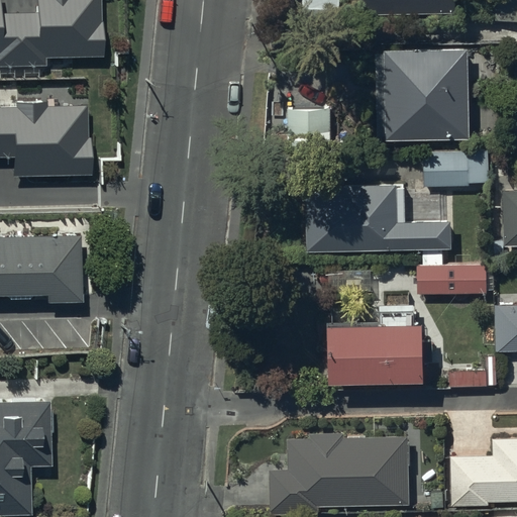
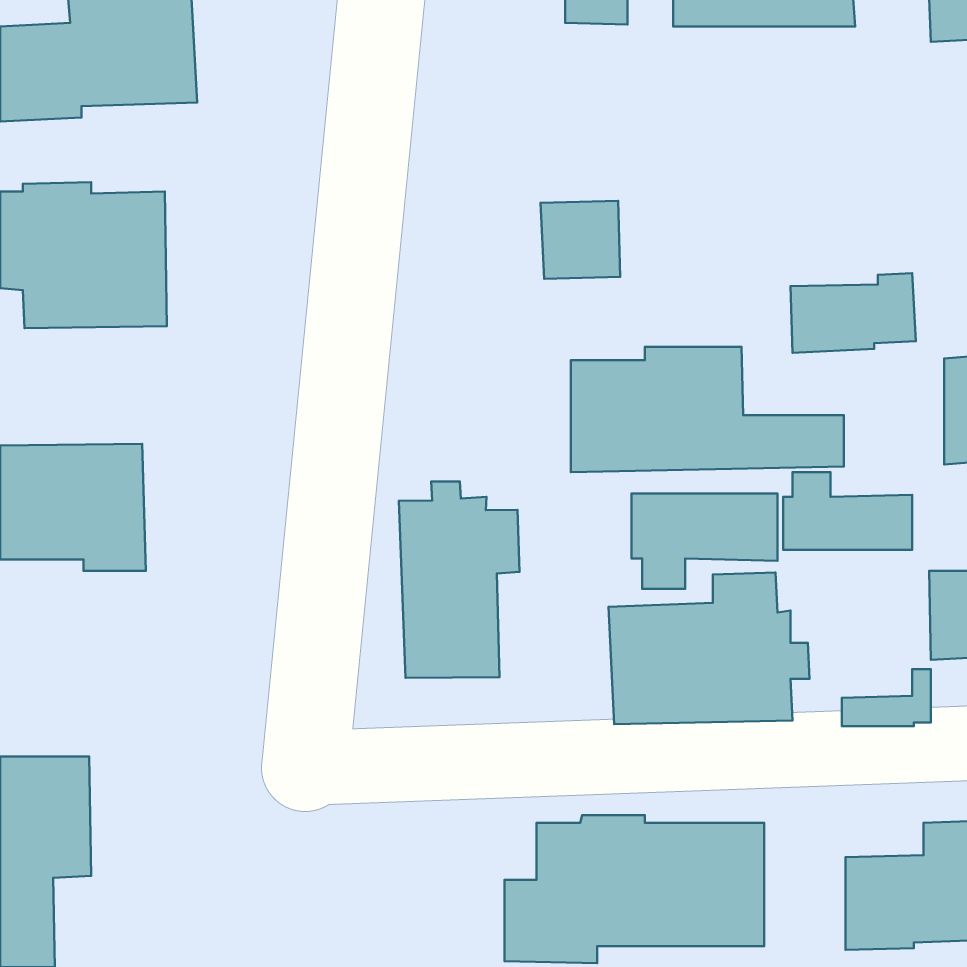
building: [376,48,469,141] -> none
building: none -> [399,482,520,678]
building: none -> [631,493,777,589]

